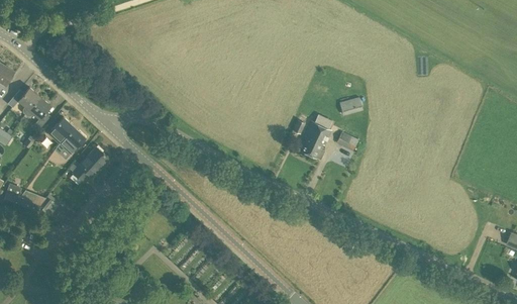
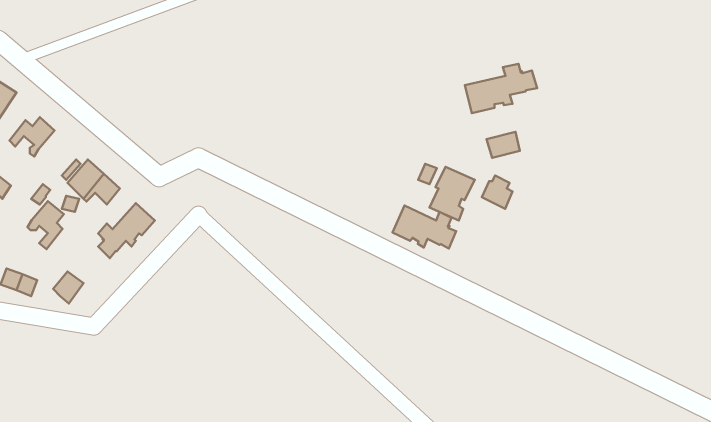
building: none -> [465,64,537,113]
building: [25,97,50,130] -> [28,201,64,249]
building: none -> [392,206,456,249]

